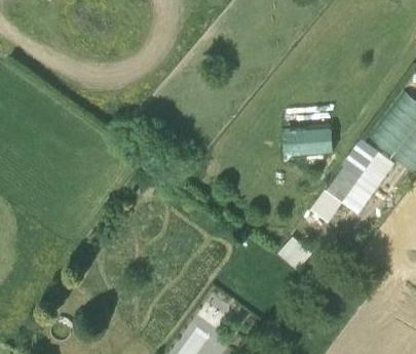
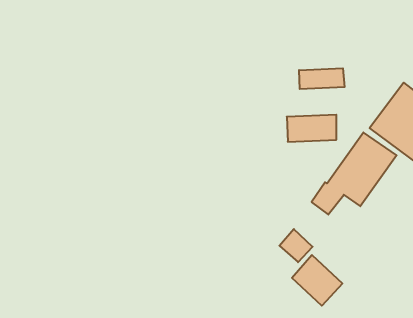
building: none -> [299,68,345,89]
building: none -> [292,255,342,306]

